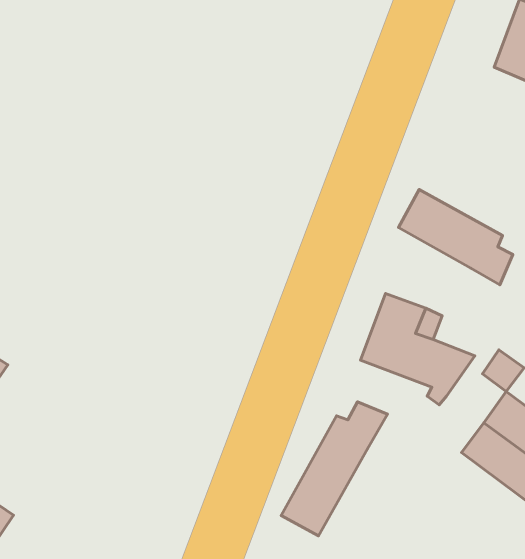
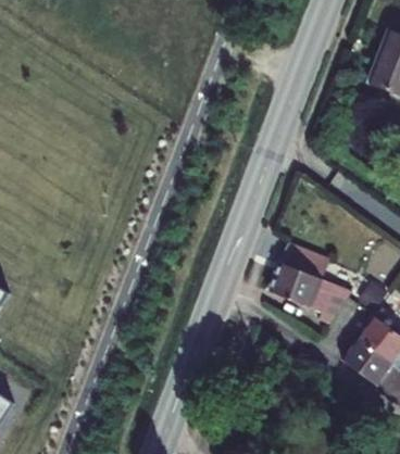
building: [398,190,513,285] -> none
building: [281,402,387,536] -> none

